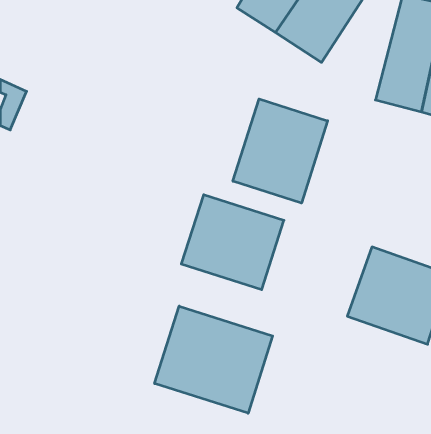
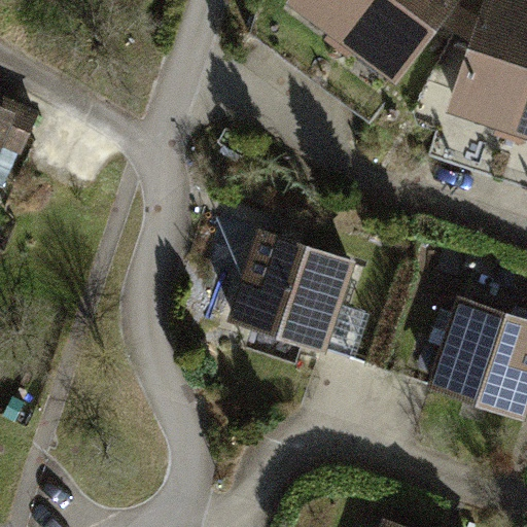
building: [233,99,328,203] -> none
building: [155,306,273,413] -> none

